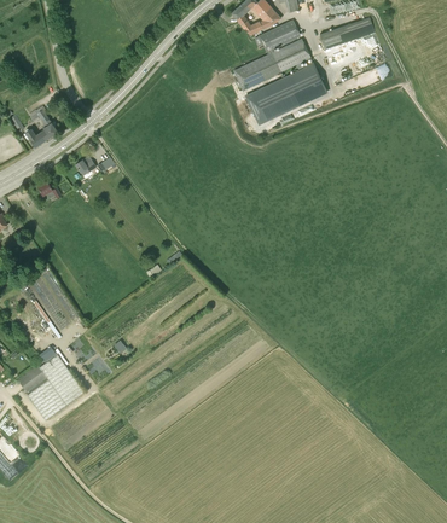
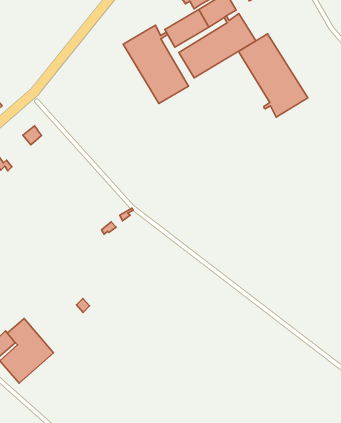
building: none -> [123,25,189,103]
building: none -> [239,34,308,117]

